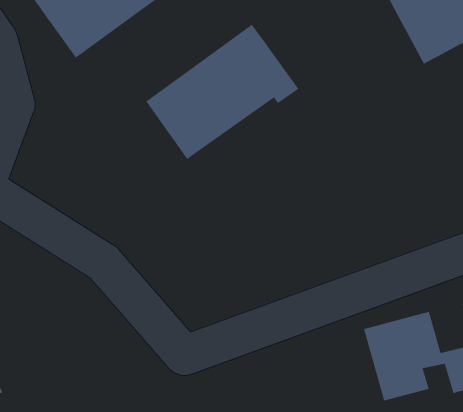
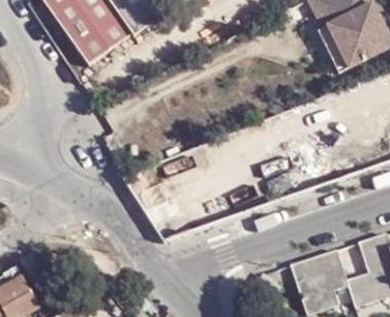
building: [146,24,299,160] -> none

